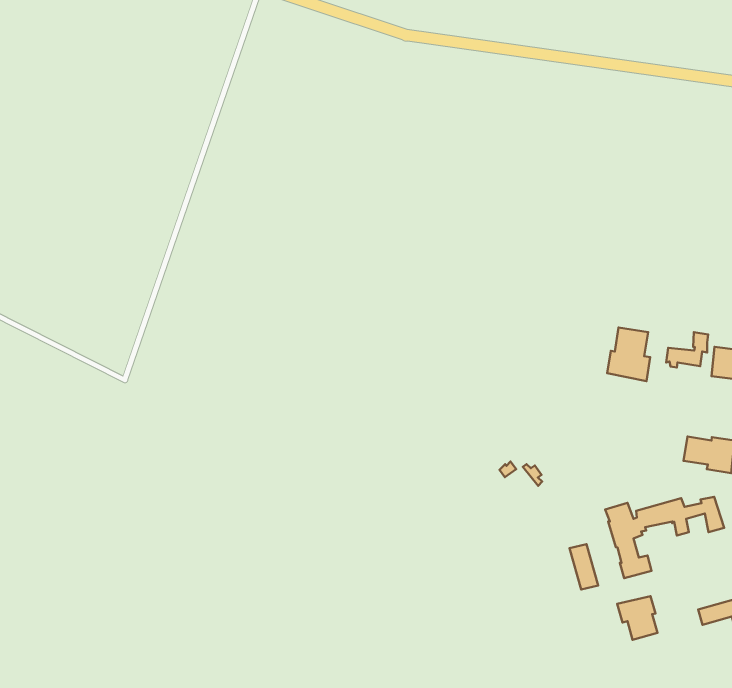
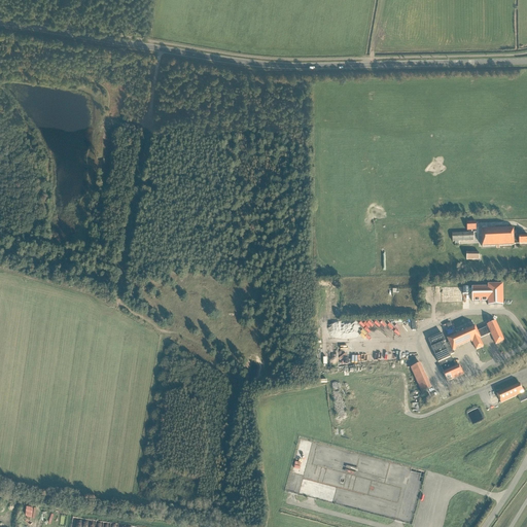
building: [607,328,650,381] -> none
building: [617,596,657,640] -> none

